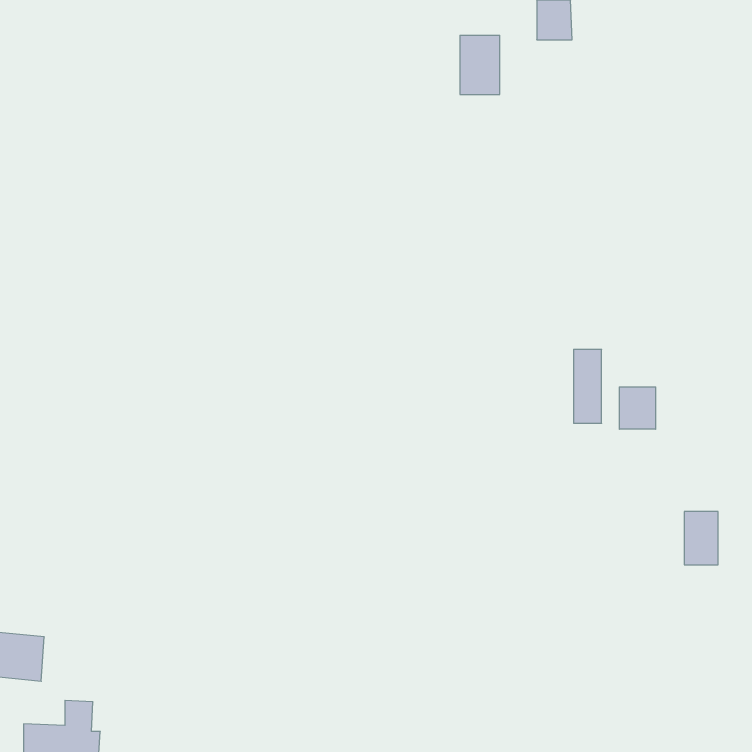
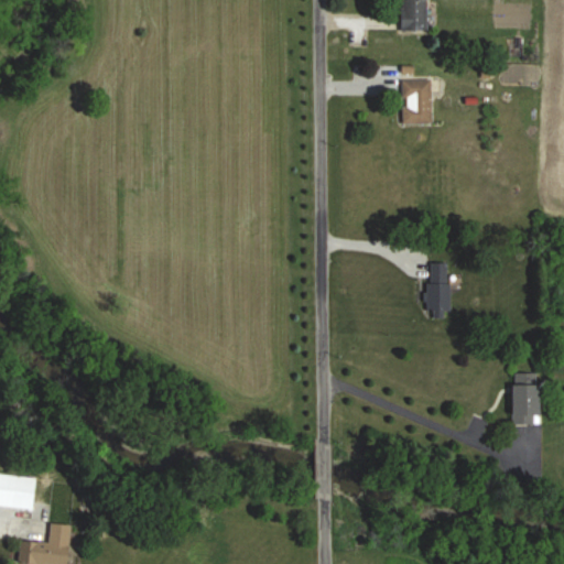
building: [460,35,500,94] -> [401,79,431,123]
building: [619,387,656,429] -> none

